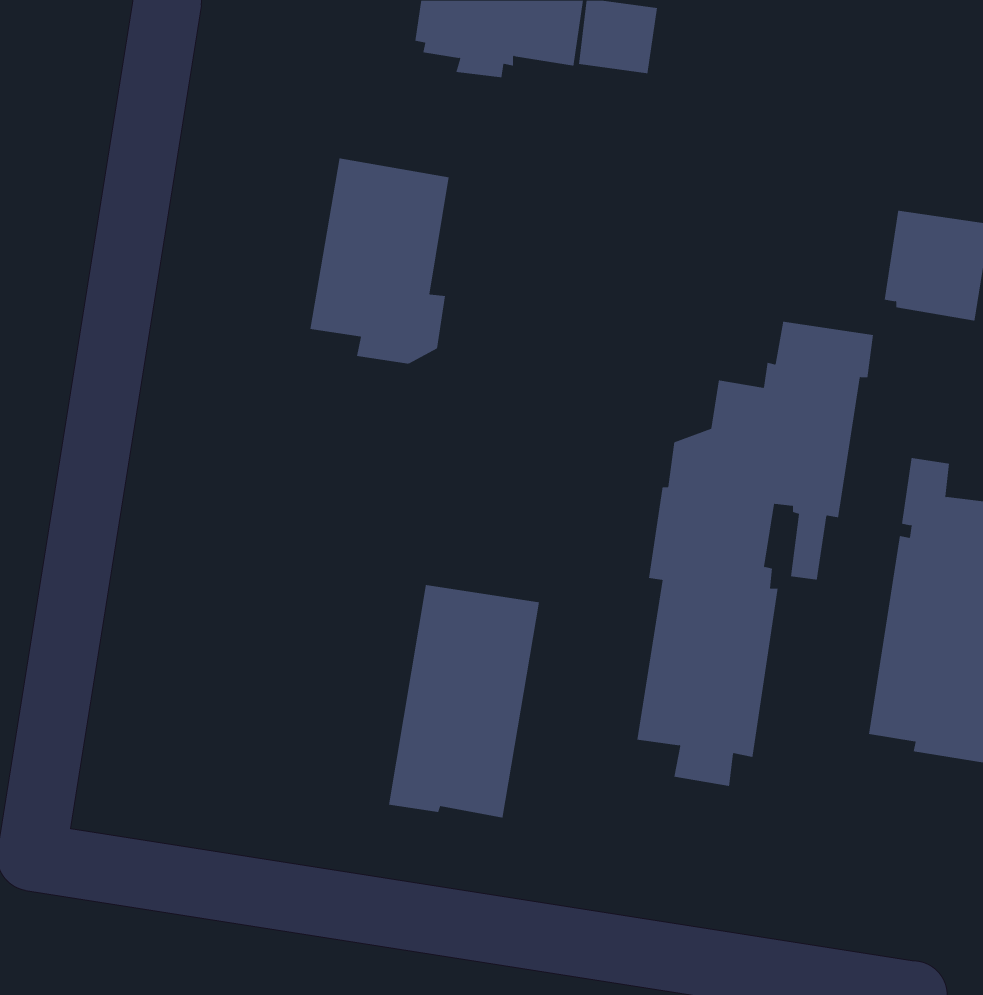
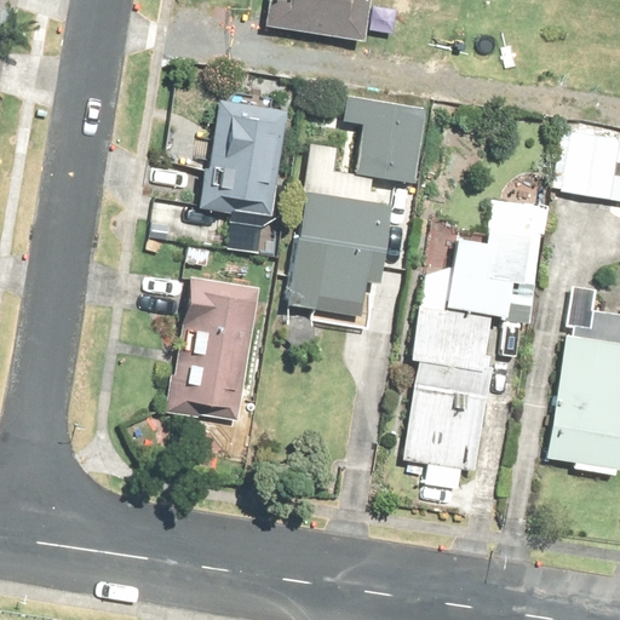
building: none -> [286,96,427,308]
building: [388,585,540,818] -> [167,275,262,420]

